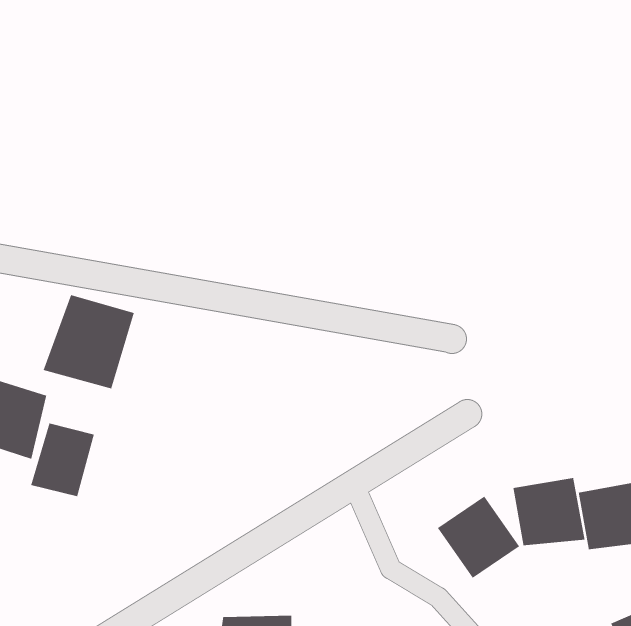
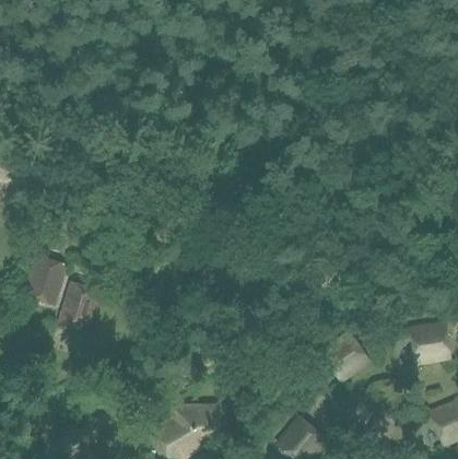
building: [43,294,135,390] -> none
building: [512,477,585,546] -> none

